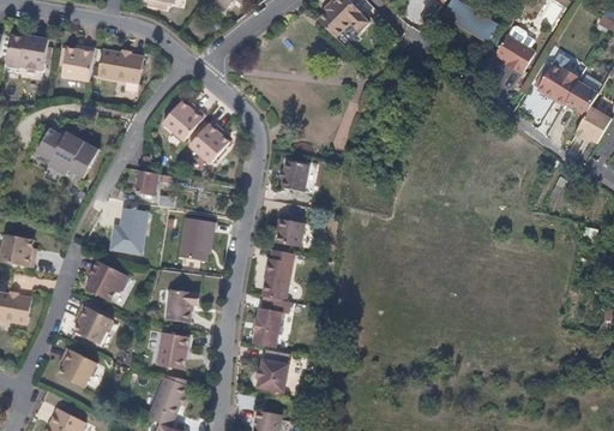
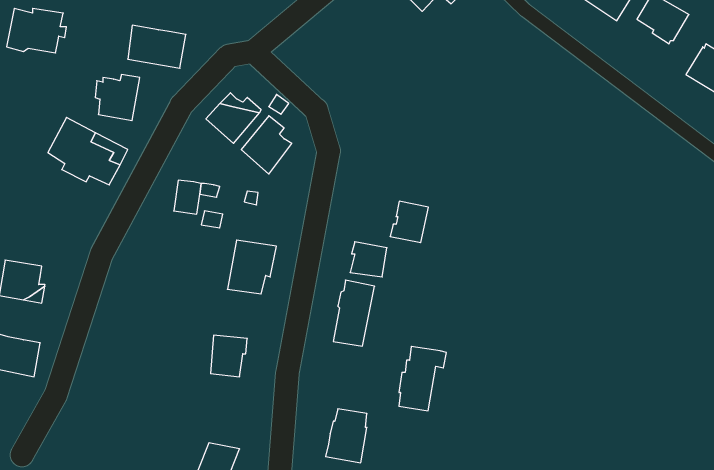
building: [62,46,97,82] -> [95,75,140,121]
building: [278,160,308,192] -> [390,201,428,243]
building: [110,208,148,252] -> none
building: [86,261,130,303] -> none
building: [252,297,289,347] -> [399,346,446,411]
building: [74,304,114,346] -> none
building: [156,334,188,371] -> none
building: [59,348,98,389] -> none

